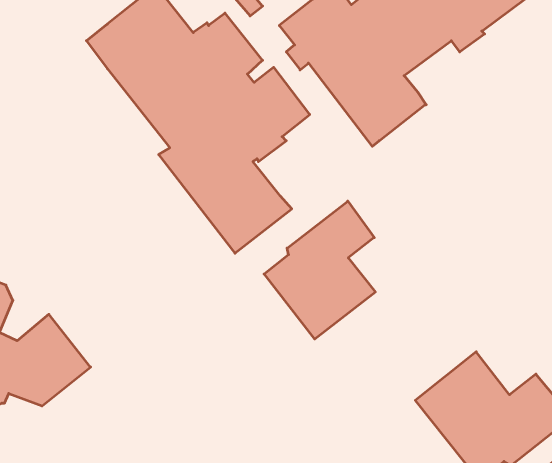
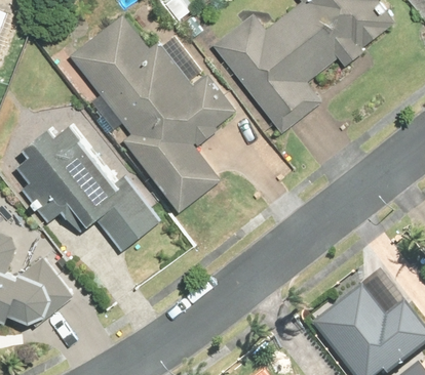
building: none -> [15,124,162,252]
building: [264,201,375,339] -> none

